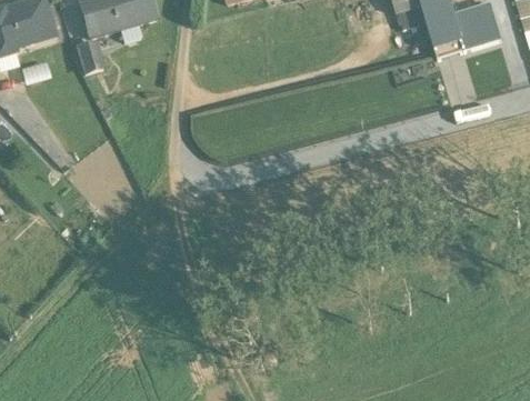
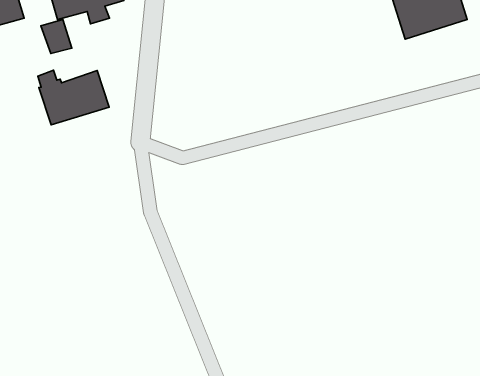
building: none -> [38,70,109,125]

